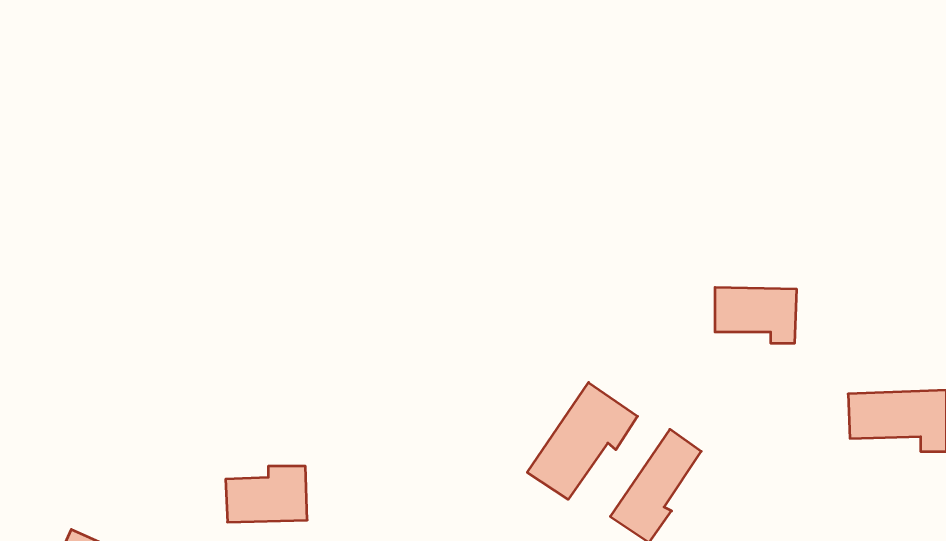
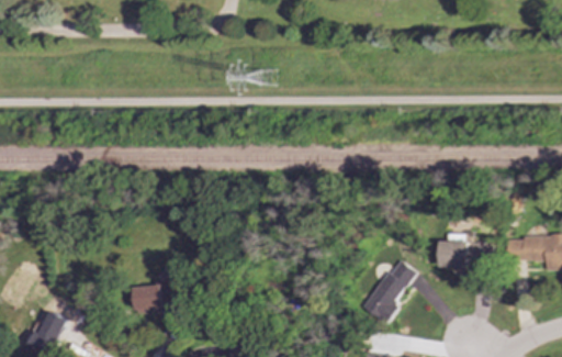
building: [715,287,797,343] -> [439,241,487,274]
building: [527,382,638,499] -> none

